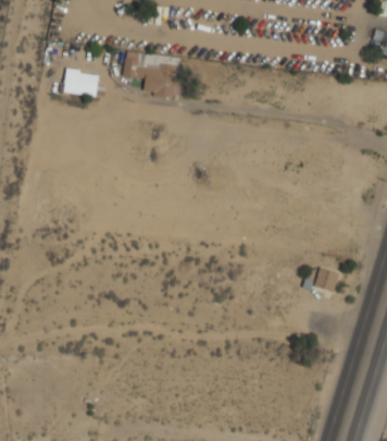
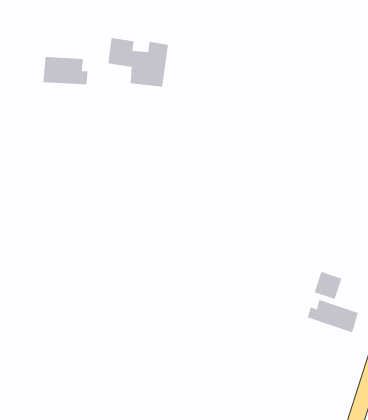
building: none -> [307,299,359,333]

